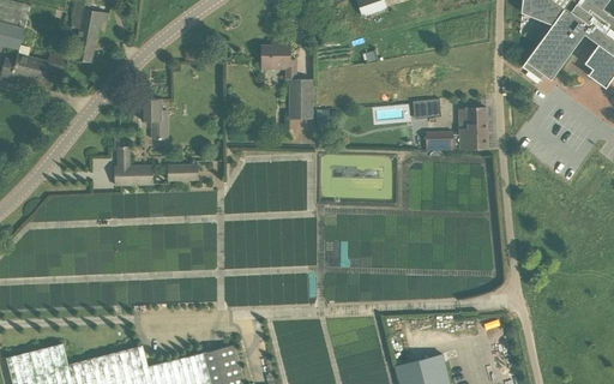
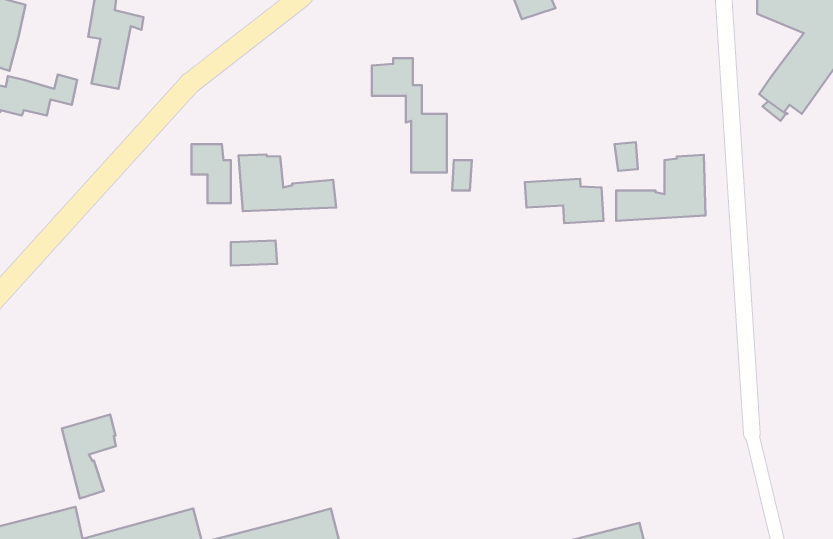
building: none -> [239,155,336,211]
building: none -> [525,179,603,223]
building: [114,146,152,185] -> none
building: none -> [62,414,116,499]

